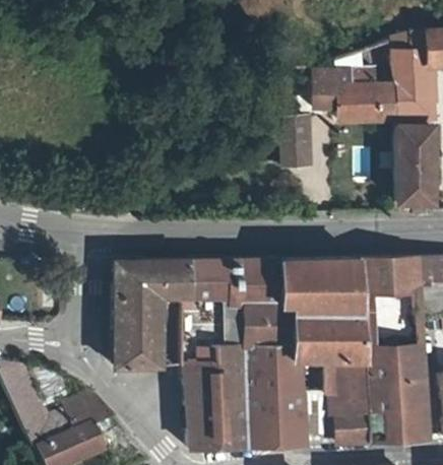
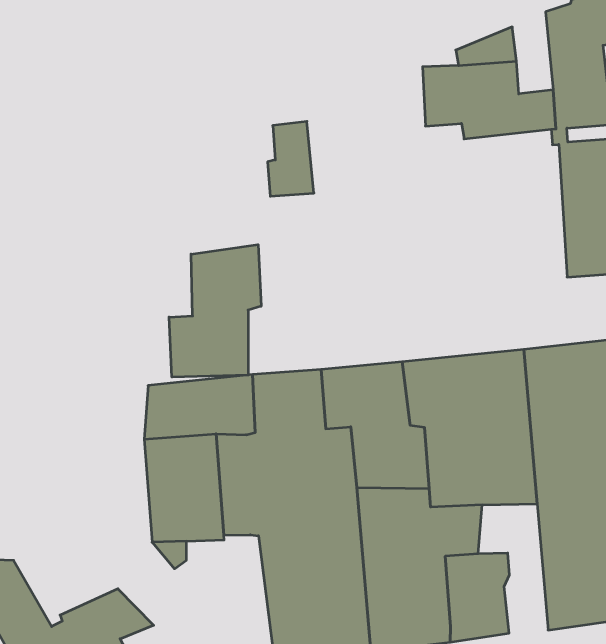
building: [282,117,311,163] -> [268,121,314,196]
building: none -> [169,245,261,377]
building: [327,356,369,441] -> none

